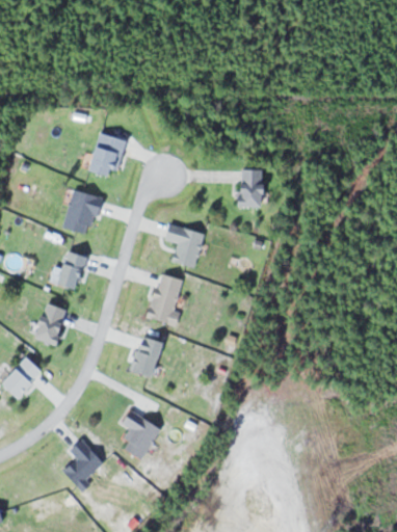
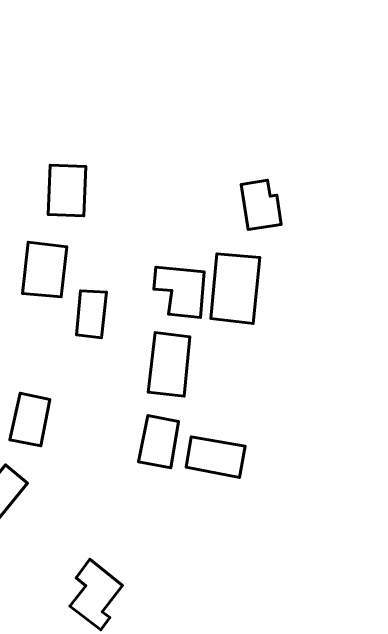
building: none -> [211,254,260,324]
building: [59,251,87,290] -> [77,291,107,338]
building: none -> [186,437,245,478]
building: [121,409,161,459] -> none

